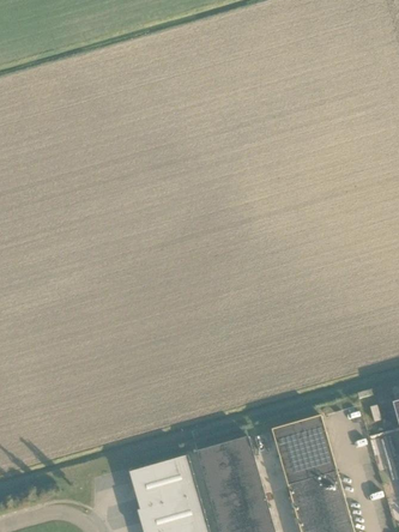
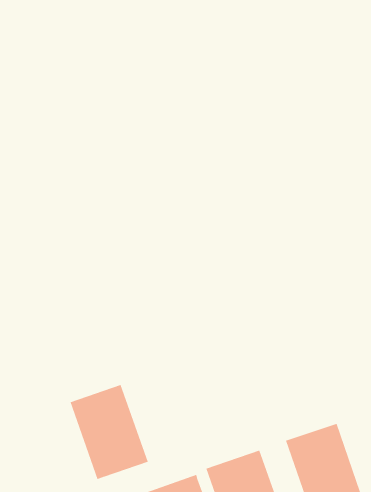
building: none -> [70,384,148,480]

